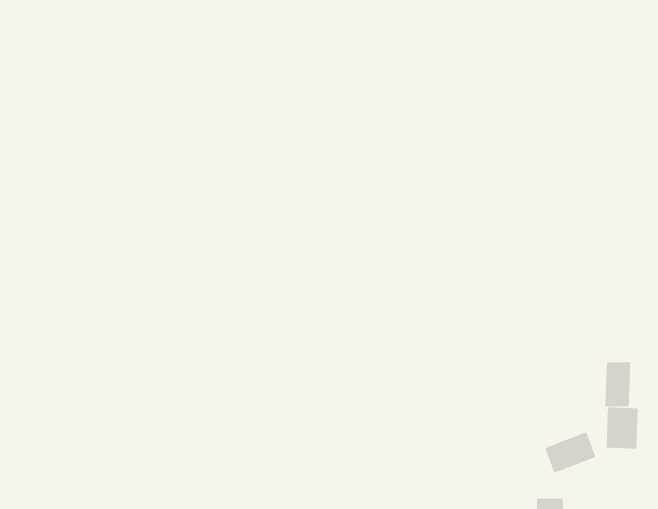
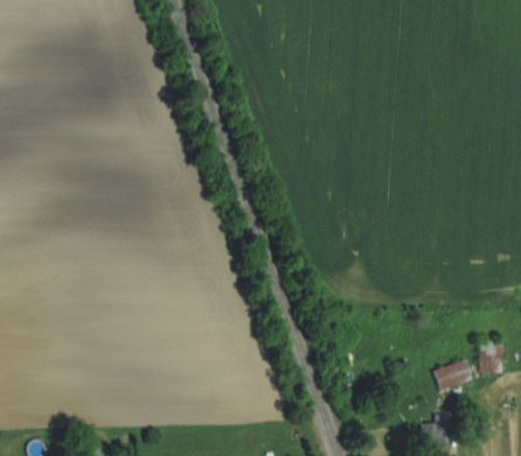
building: [605,362,631,407] -> none

